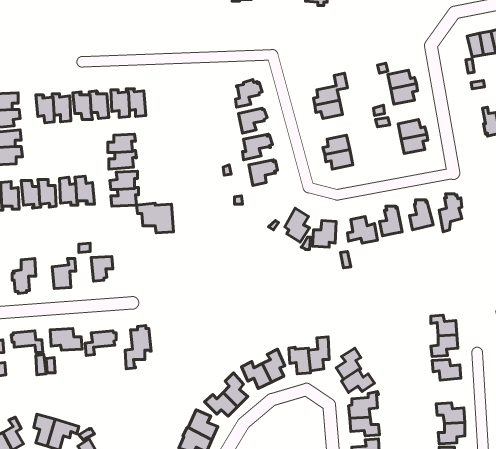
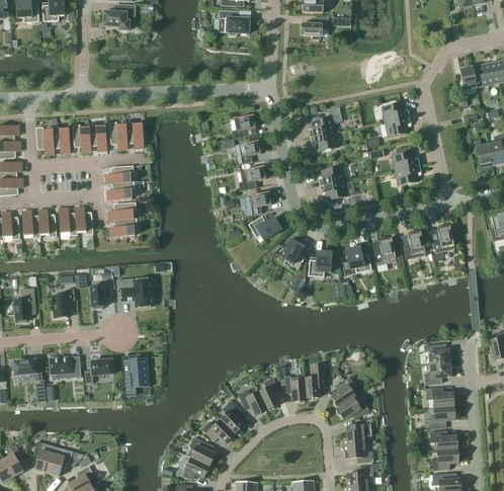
building: none -> [248,216,280,240]
building: [137,203,174,233] -> [115,277,152,307]
building: none -> [428,405,454,428]

